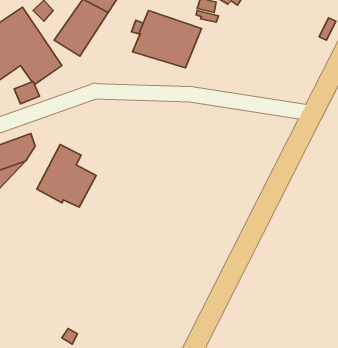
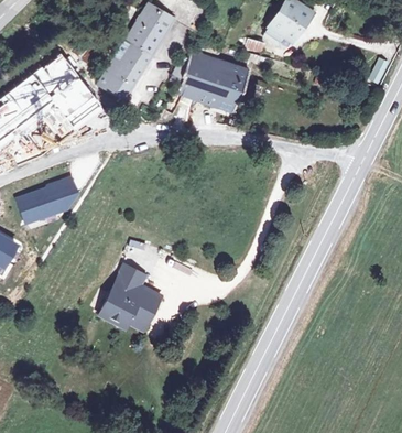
building: [37,145,96,207] -> [101,267,163,332]

